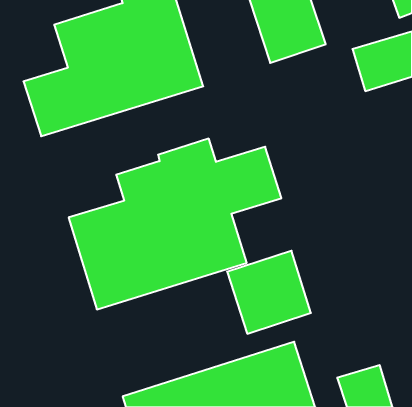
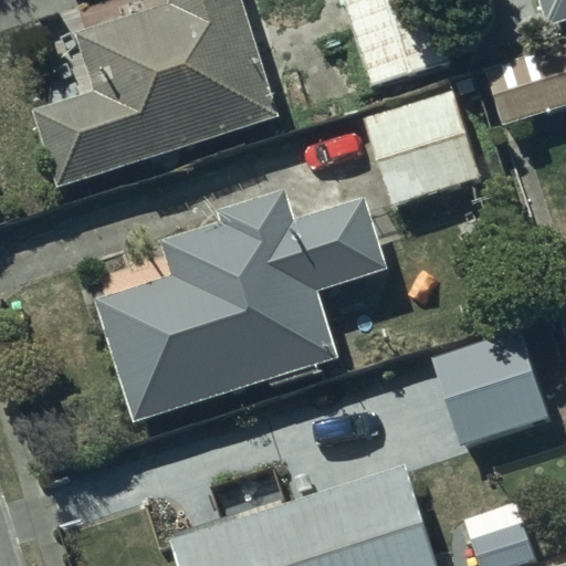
building: none -> [365,91,480,205]
building: [227,251,311,334] -> [429,332,544,446]

